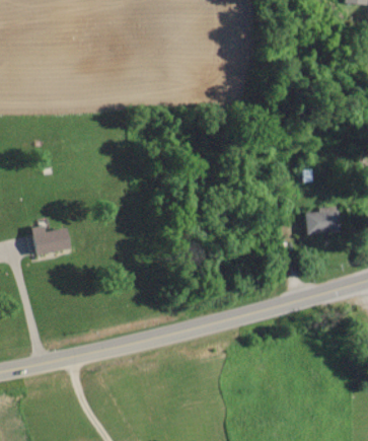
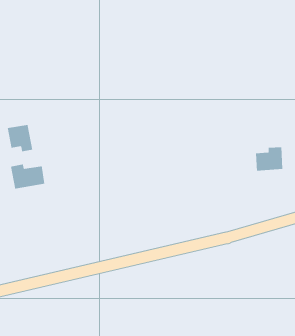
building: none -> [7,124,33,152]

